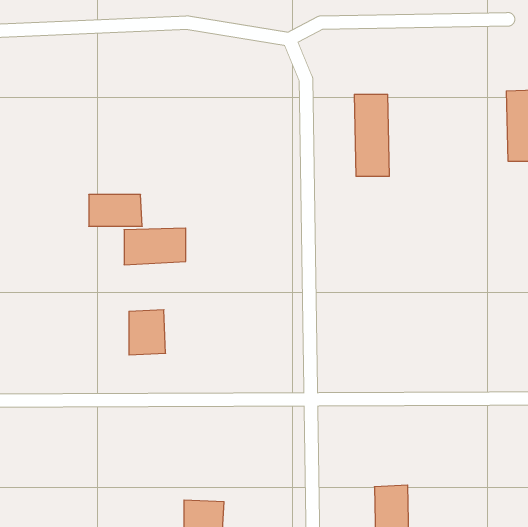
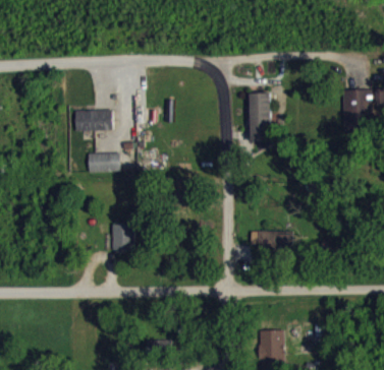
building: [124,228,186,265] -> [74,109,112,131]
building: none -> [250,230,293,252]

